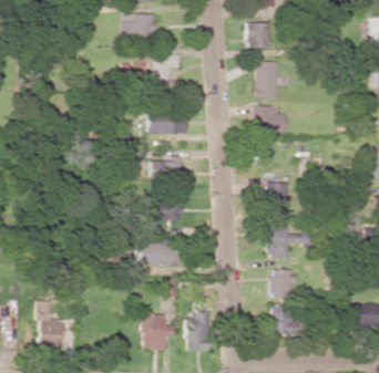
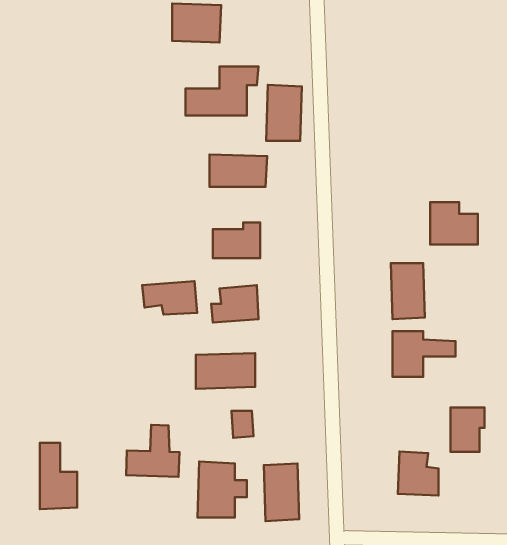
building: [247,22,270,48] -> none
building: [256,61,279,97] -> [266,85,302,141]
building: [256,105,287,133] -> [430,202,478,244]
building: none -> [142,281,197,314]
building: [273,269,295,298] -> [451,408,485,452]
building: none -> [126,425,179,477]

